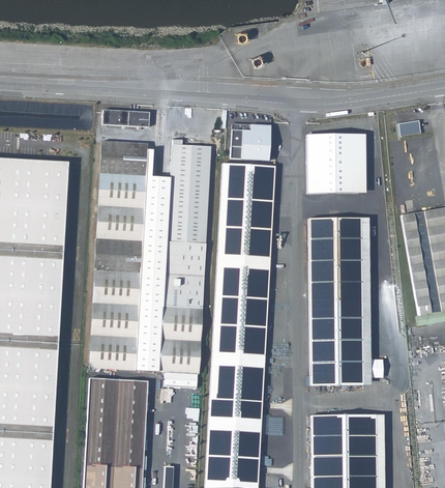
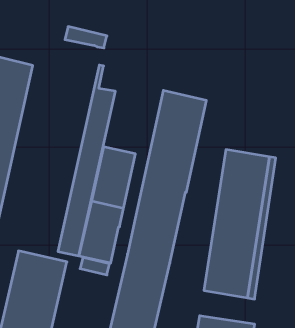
building: [230,122,271,160] -> none
building: [308,133,365,191] -> none
building: [88,143,146,371] -> none
building: [167,145,210,243] -> none

